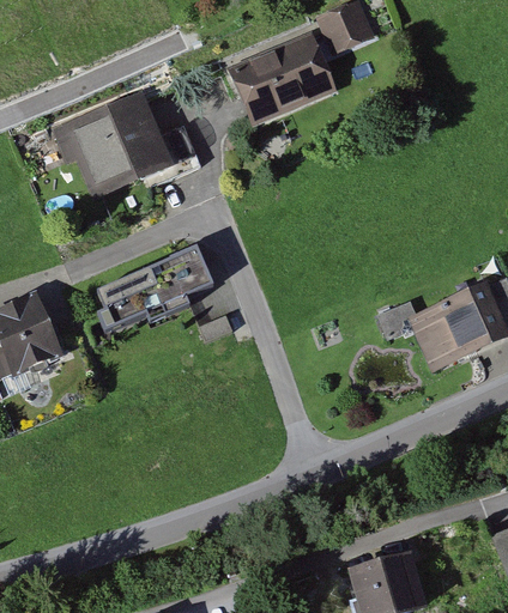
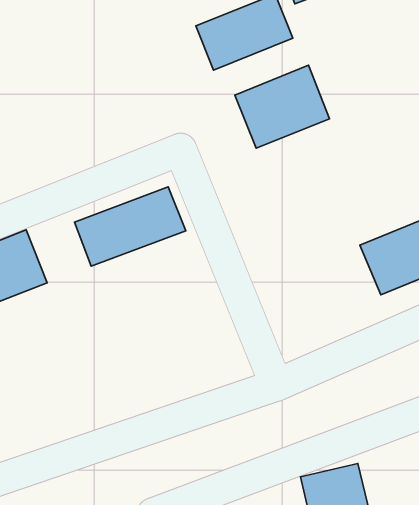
building: [64,91,173,196] -> none
building: none -> [235,65,329,148]

